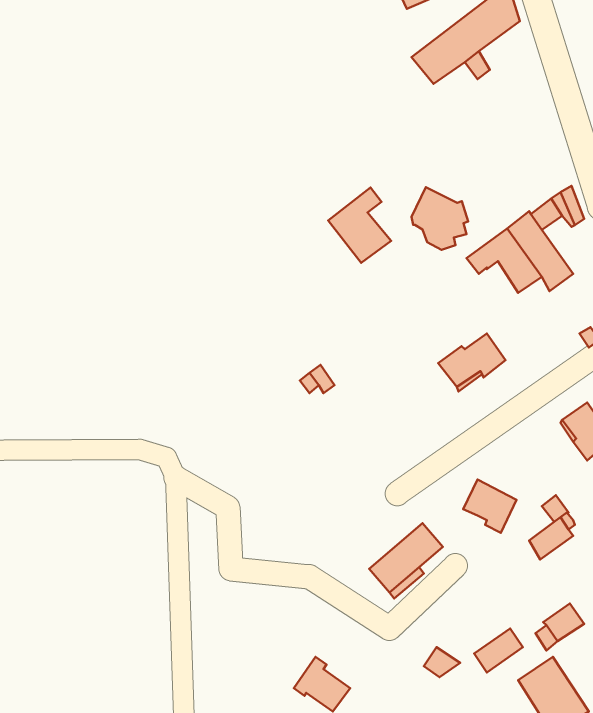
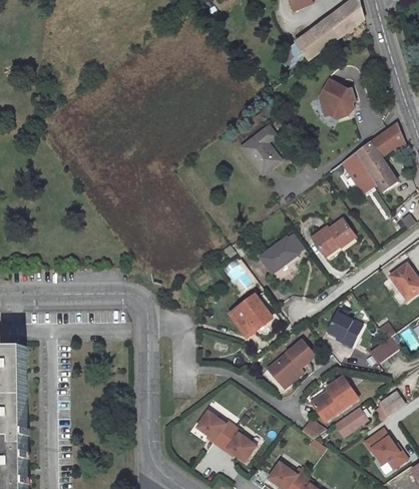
building: [412,187,468,250] -> [319,78,355,118]
building: none -> [259,236,297,273]
building: none -> [230,296,270,334]
building: none -> [308,376,356,420]
building: none -> [195,411,233,445]

